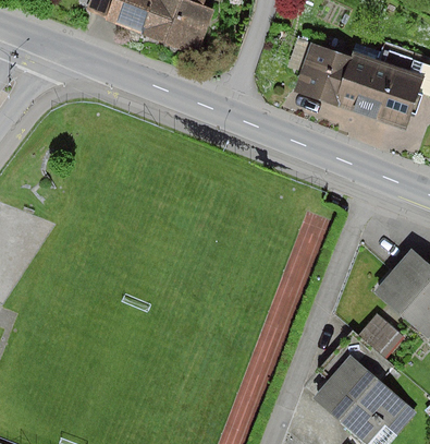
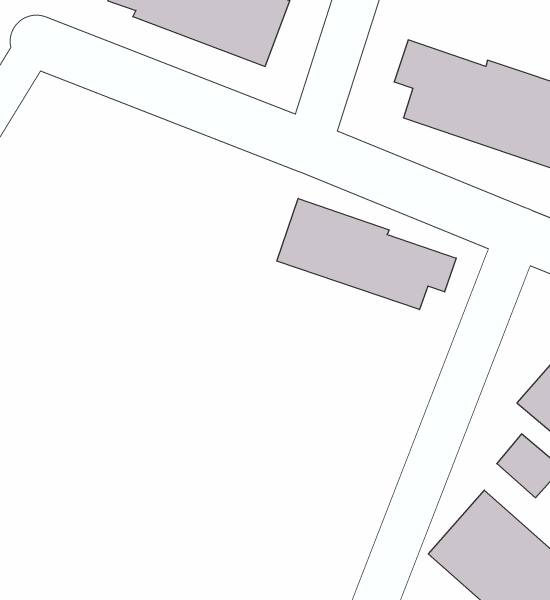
building: none -> [277,198,456,310]

